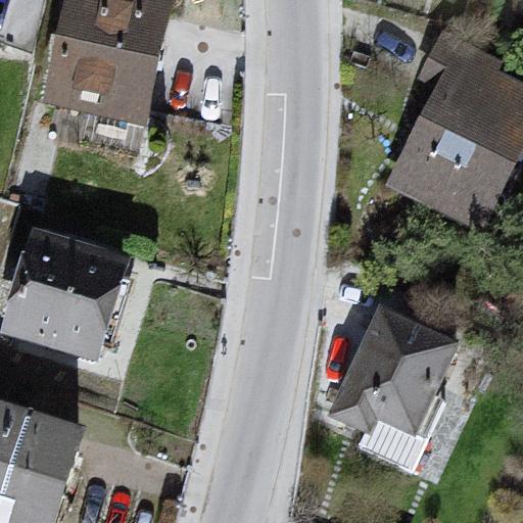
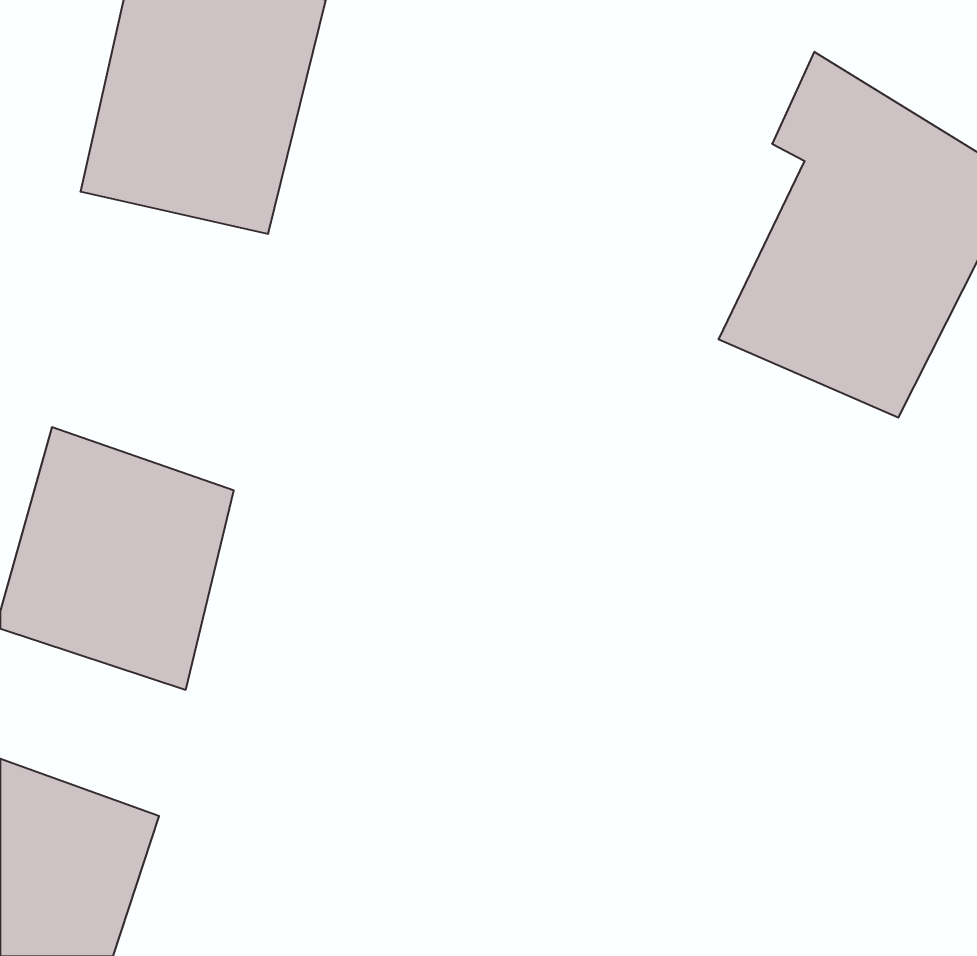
building: [326,308,460,437] -> none

